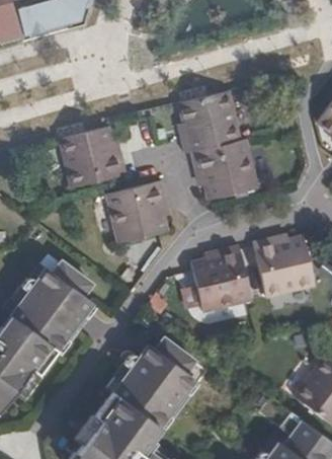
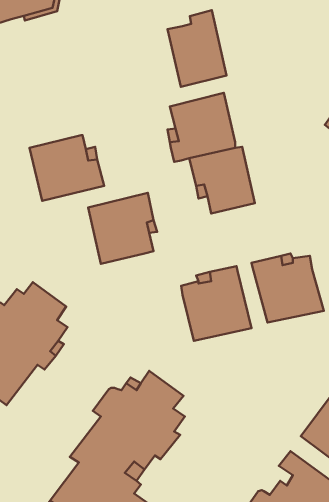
building: none -> [168,10,227,87]

